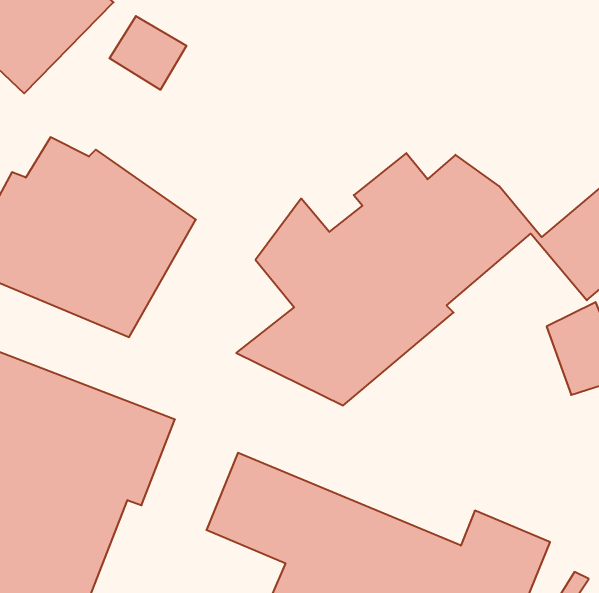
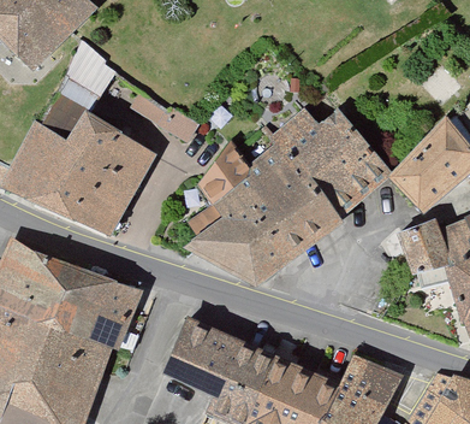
building: [109,16,187,90] -> [63,48,115,99]

